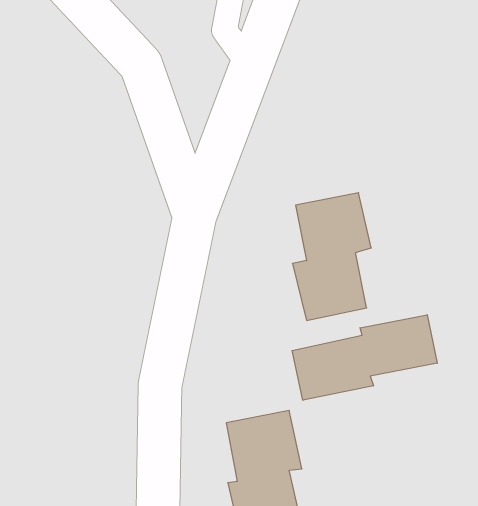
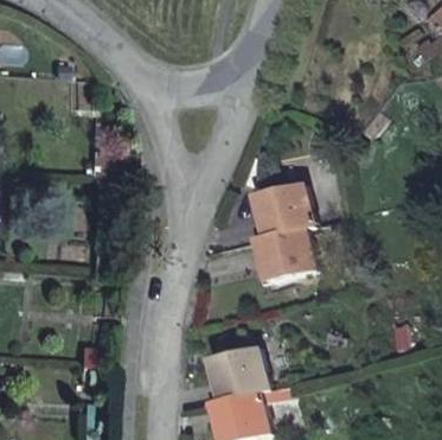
building: [292,315,437,400] -> none

